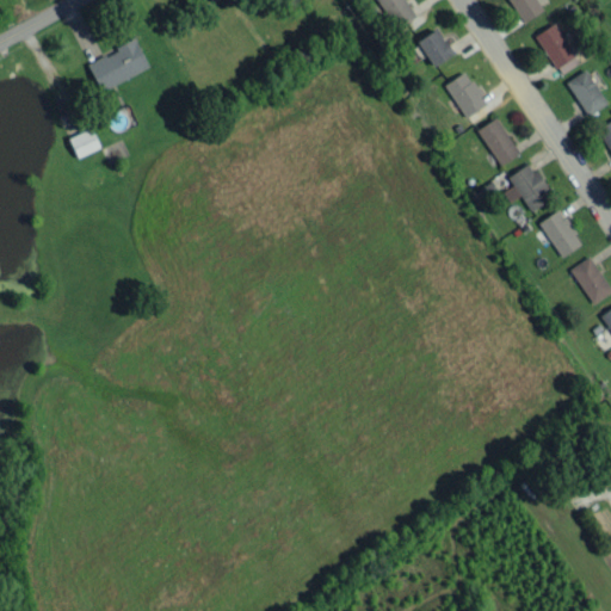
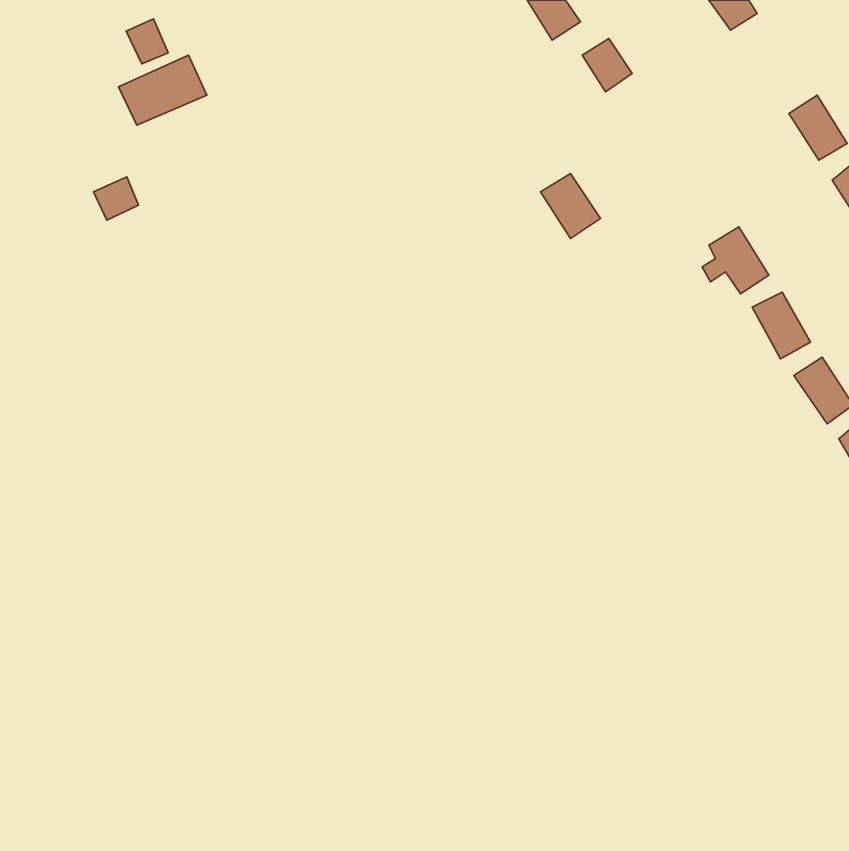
building: none -> [126,19,168,64]
building: [537,24,575,69] -> none
building: [445,72,488,118] -> [540,173,600,239]
building: [477,117,520,166] -> none

